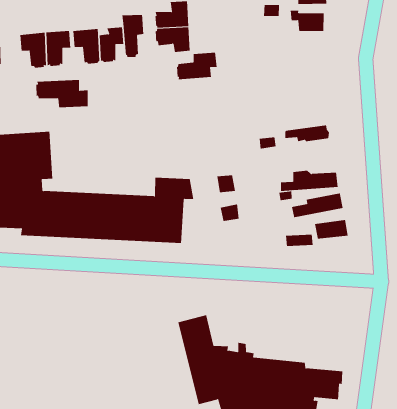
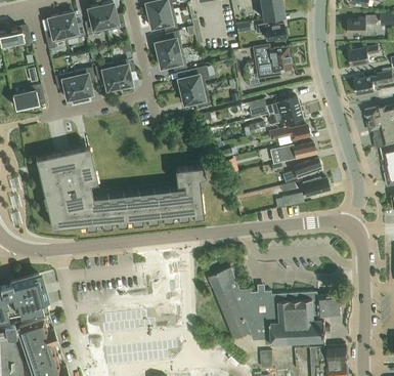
building: [122,14,144,58] -> none
building: none -> [253,45,291,79]
building: none -> [180,86,210,109]
building: [36,79,88,108] -> none
building: none -> [248,96,299,118]
building: none -> [268,125,308,141]

